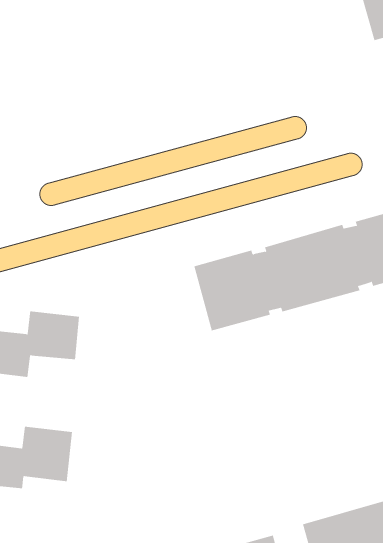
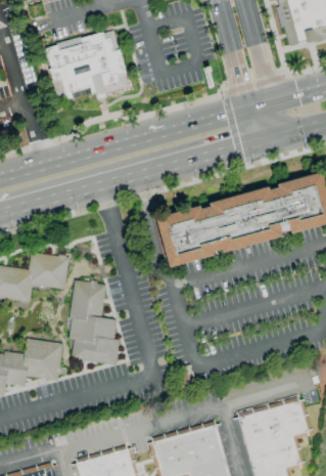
building: none -> [50,32,130,107]
building: none -> [66,279,119,364]

